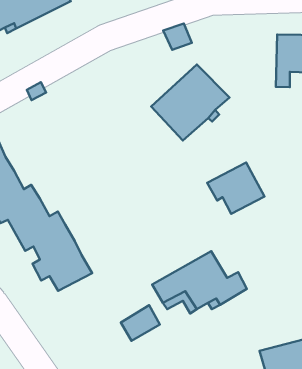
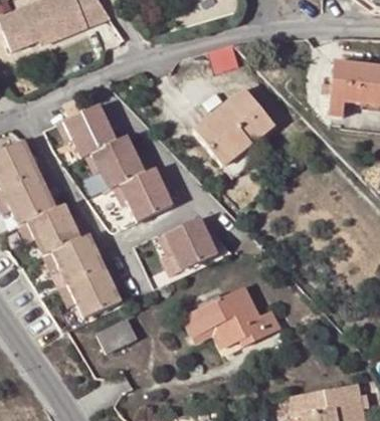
building: none -> [57,104,173,222]
building: [207,162,264,214] -> [159,218,218,271]
building: [121,305,160,341] -> [98,318,139,354]

